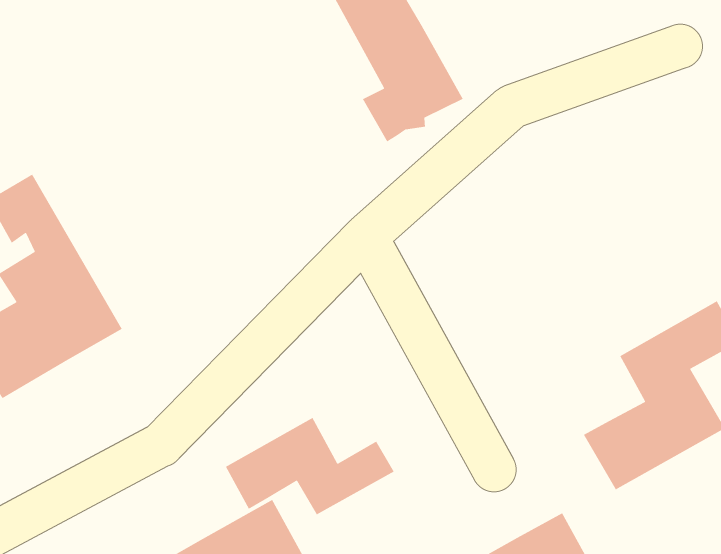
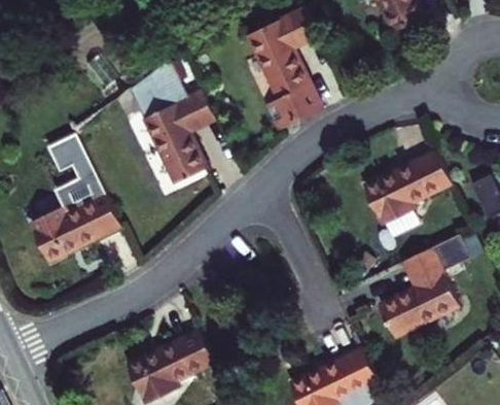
building: none -> [129,59,216,183]
building: none -> [363,150,452,226]
building: [225,417,395,516] -> none

